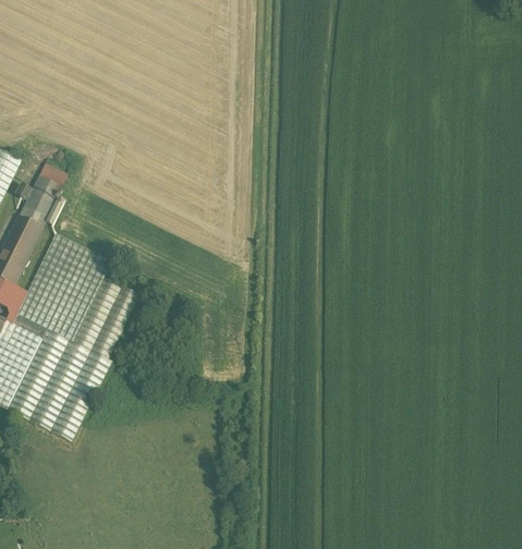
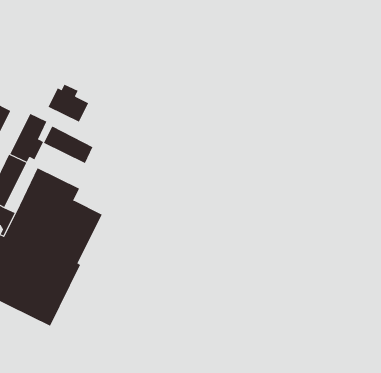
building: none -> [48,84,89,123]
building: none -> [43,126,93,164]

